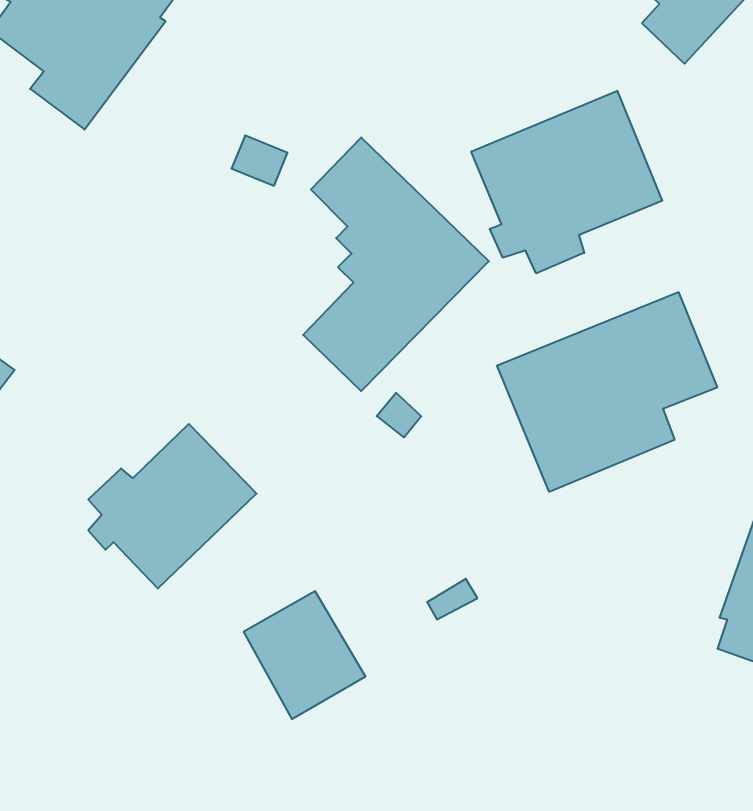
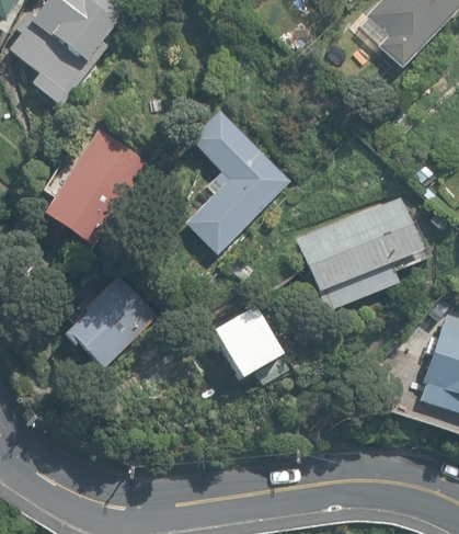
building: [471,91,662,273] -> none
building: none -> [45,129,150,246]
building: [244,591,366,719] -> [214,306,283,378]

